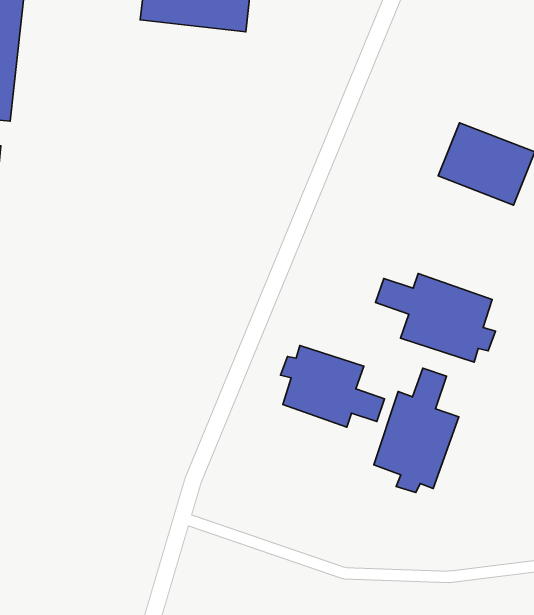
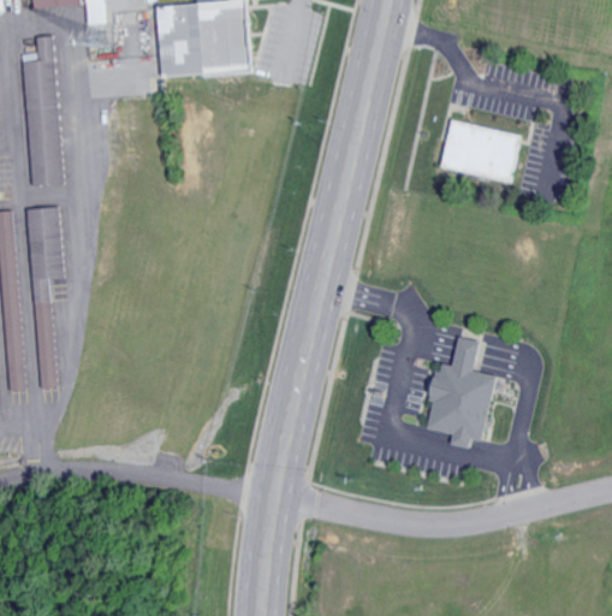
building: [376,273,496,362] -> none
building: [281,346,385,427] -> none

